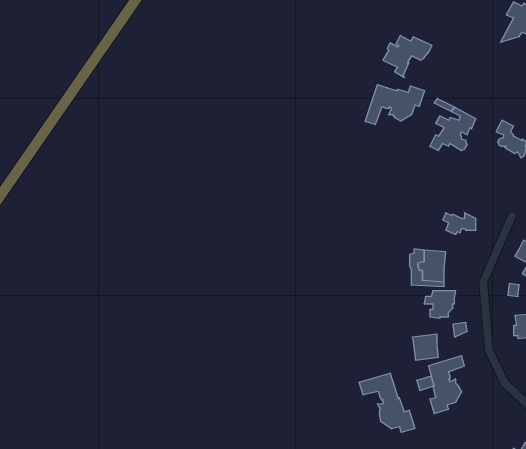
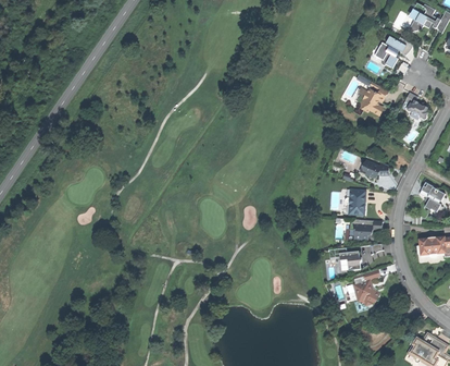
building: [383,35,432,77] -> [377,36,414,68]
building: [365,85,424,125] -> none
building: [359,373,415,432] -> none

